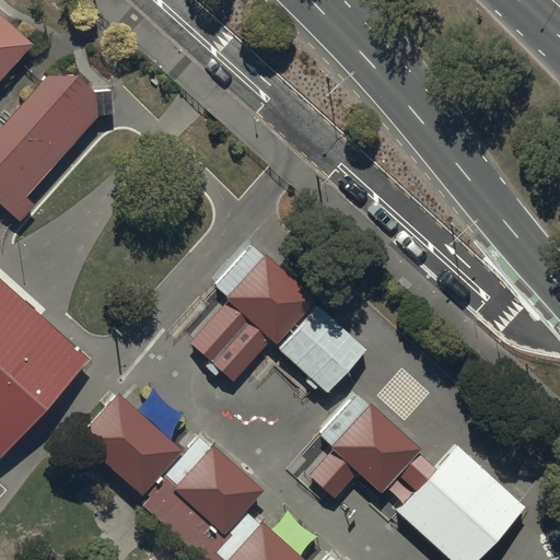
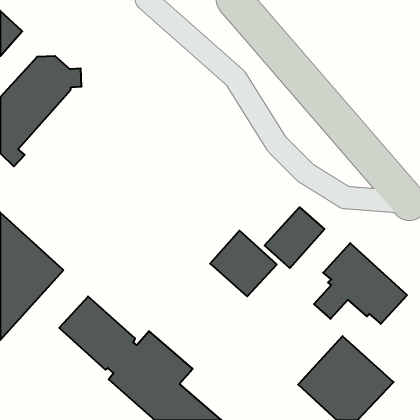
building: [189,242,314,385] -> none
building: none -> [265,207,324,268]
building: [310,396,433,503] -> [314,243,407,324]

